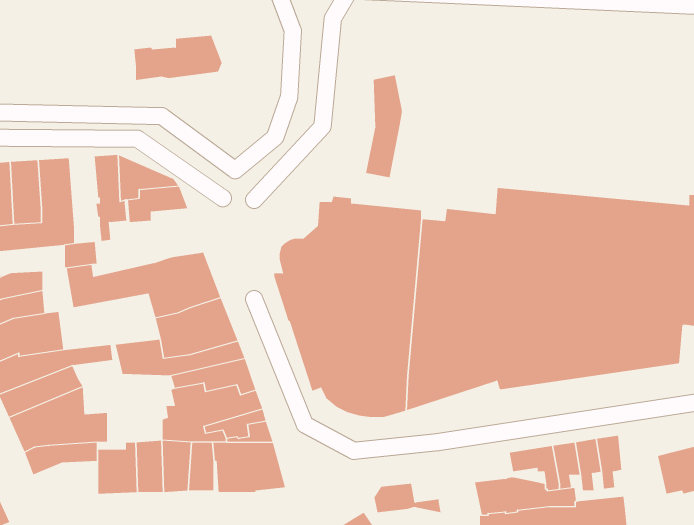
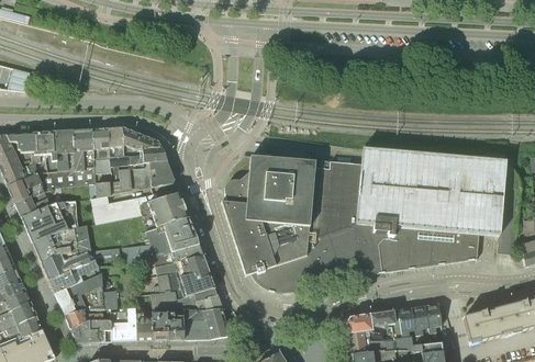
building: [133,35,222,80] -> [118,160,174,189]
building: [365,74,402,178] -> none
building: none -> [92,127,111,172]
building: none -> [69,319,110,341]
building: [373,483,441,513] -> [345,314,388,332]

